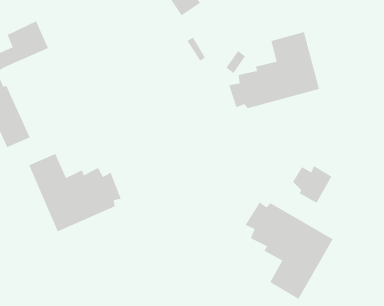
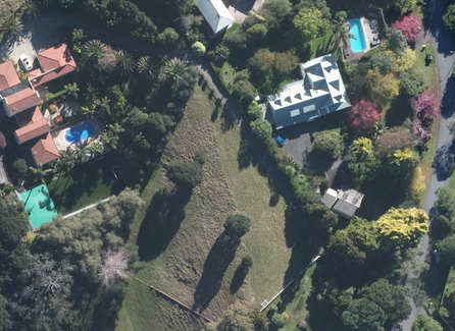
building: [28,153,122,232] -> none
building: [245,201,334,300] -> none

